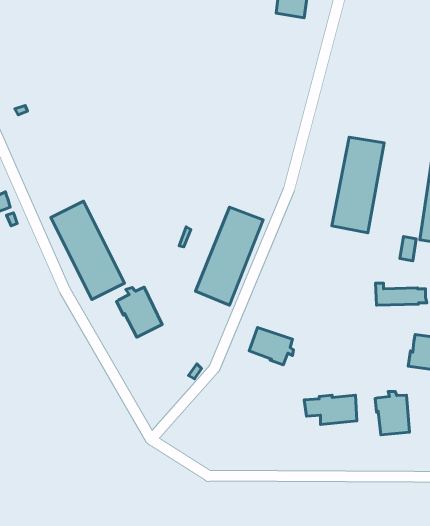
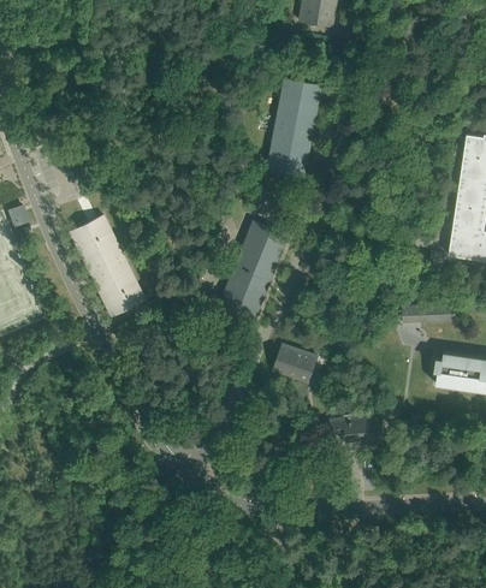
building: [332,137,384,233] -> [266,79,320,178]
building: [116,287,162,337] -> none
building: [375,391,409,435] -> none

